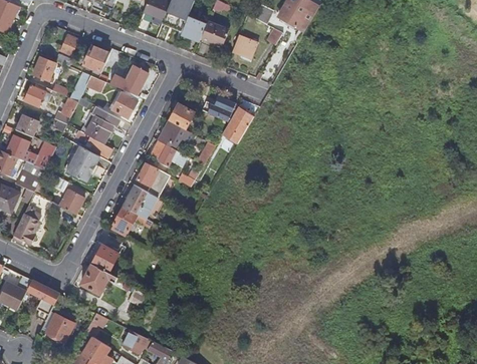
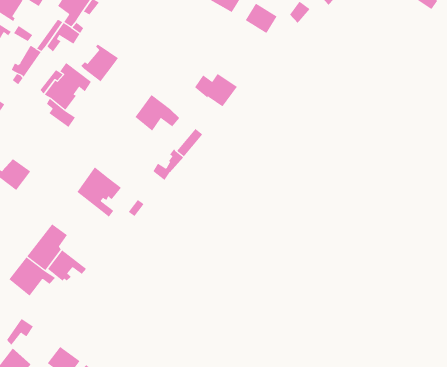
building: [122,65,149,99] -> none
building: [169,103,195,129] -> none
building: [222,105,253,143] -> none
building: [151,140,187,166] -> none
building: [67,145,100,181] -> none
building: [138,162,170,198] -> none
building: [113,207,145,232] -> [47,250,87,282]

